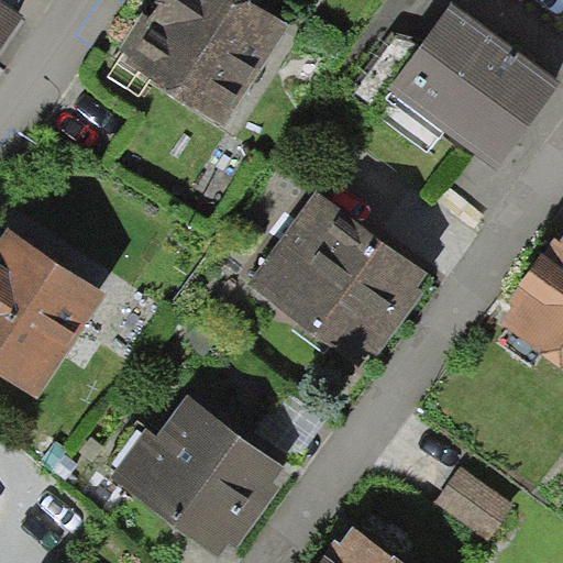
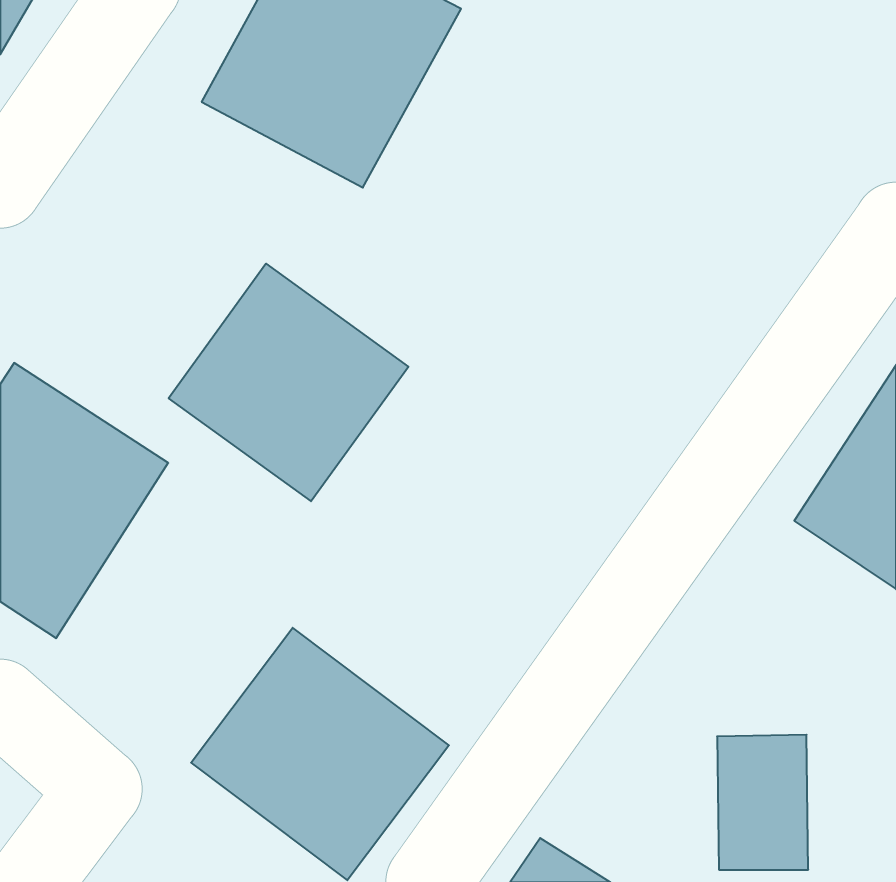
building: [382,10,545,168] -> none
building: none -> [169,264,408,501]
building: [254,198,416,360] -> none

